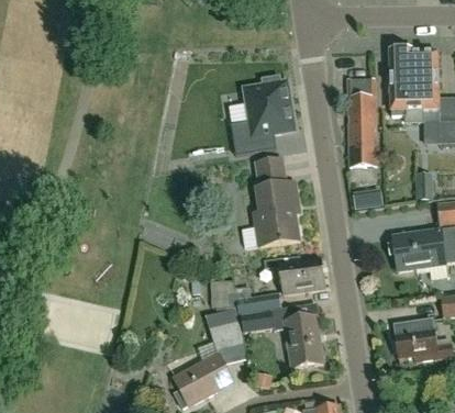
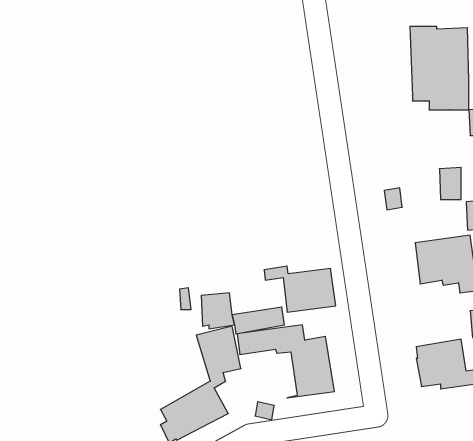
building: [234,77,299,143] -> none
building: [346,78,376,165] -> none
building: [254,158,299,246] -> none

